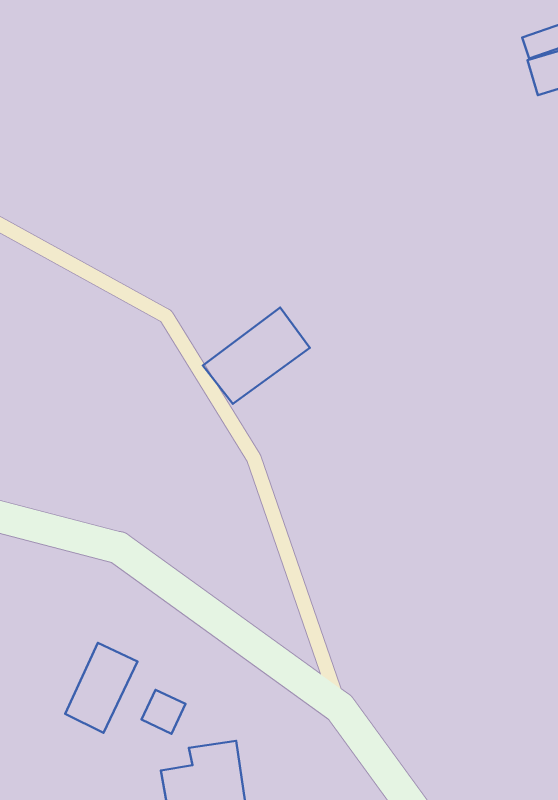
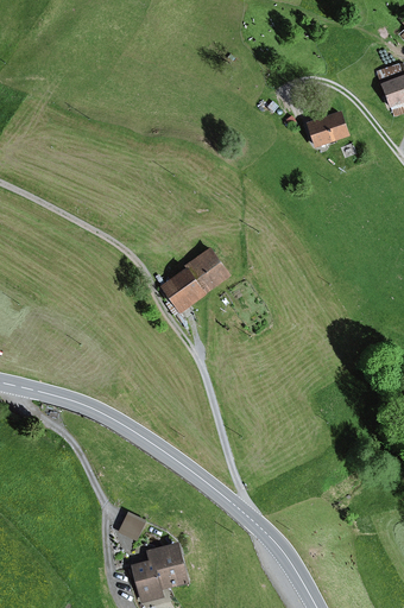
building: none -> [304,110,348,146]
building: [65,643,138,733] -> none

